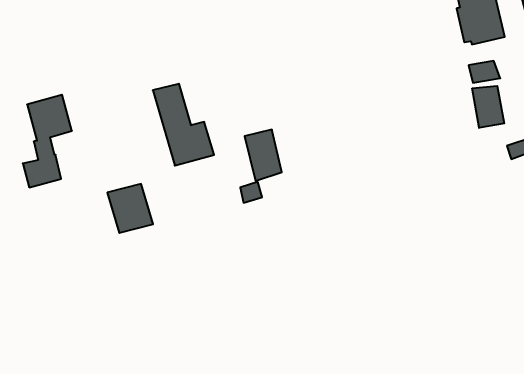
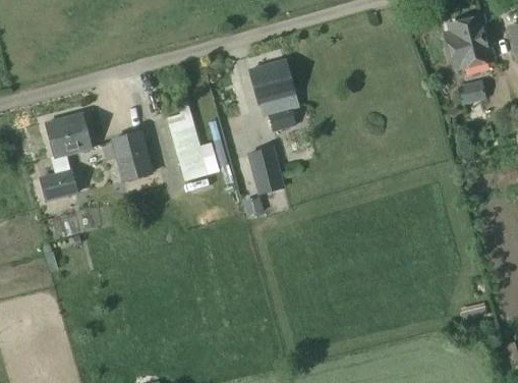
building: none -> [249,59,299,127]
building: [472,86,504,128] -> none
building: [107,184,153,233] -> [112,130,155,176]

